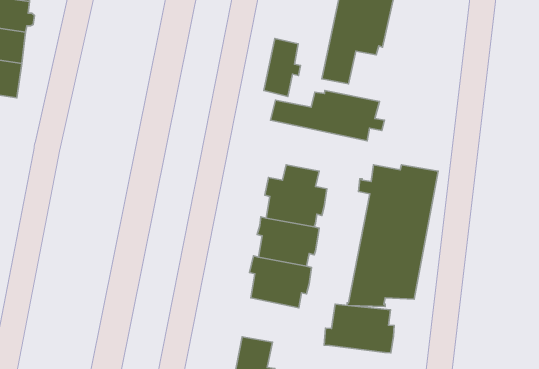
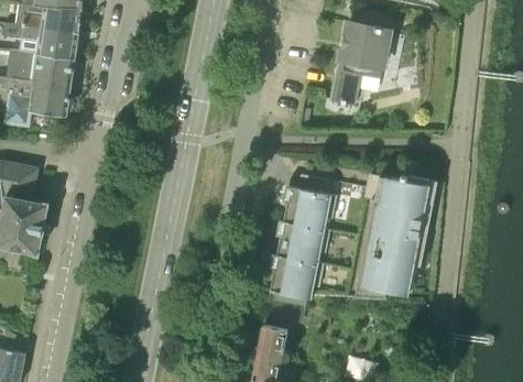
building: [264,38,300,96] -> none
building: [271,91,385,141] -> none
building: [324,304,394,353] -> none

